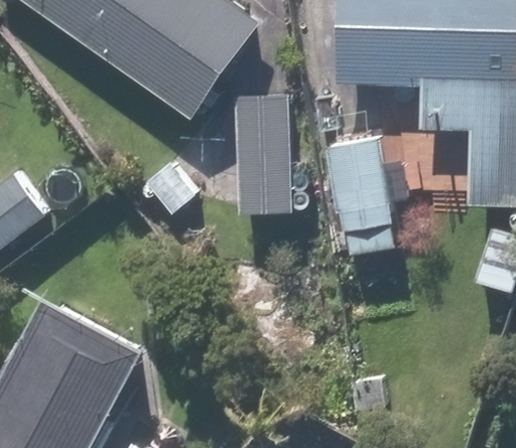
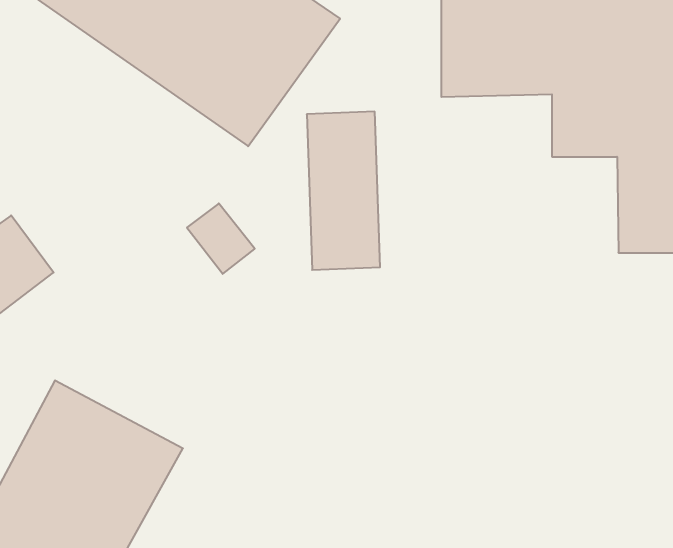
building: [331,138,410,250] -> none

